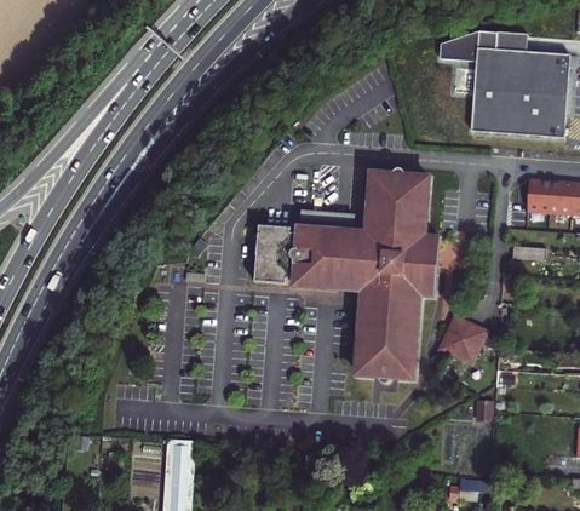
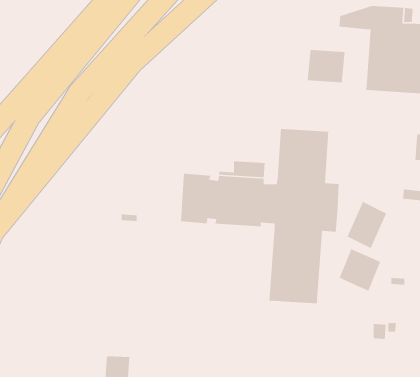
building: none -> [307,49,346,83]
building: none -> [346,201,387,249]

